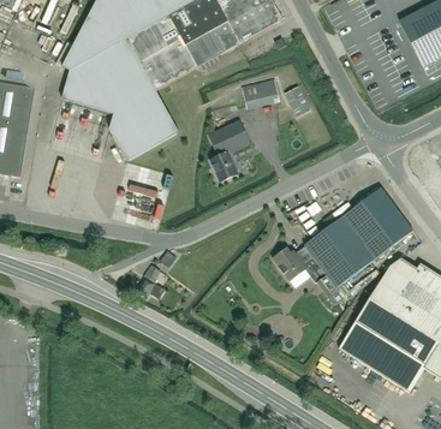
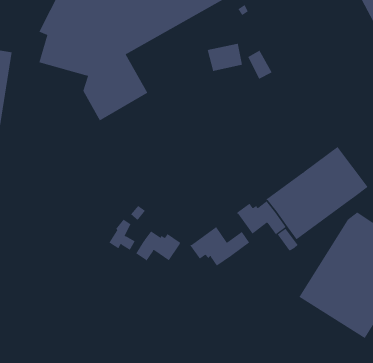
building: [208,119,249,180] -> none
building: none -> [190,226,251,266]
building: none -> [135,231,181,261]

